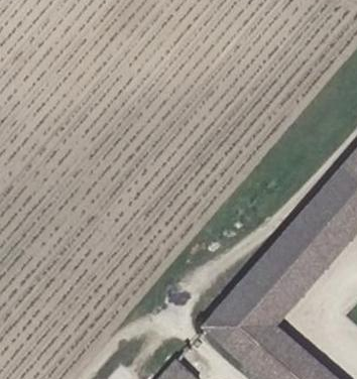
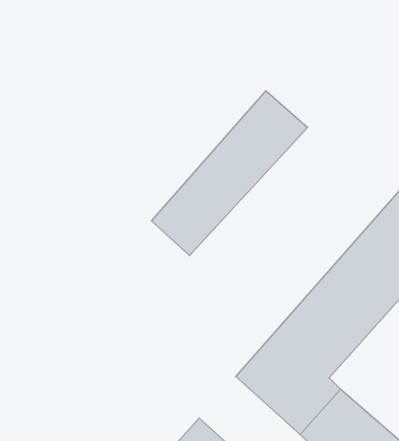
building: none -> [152,91,307,256]

